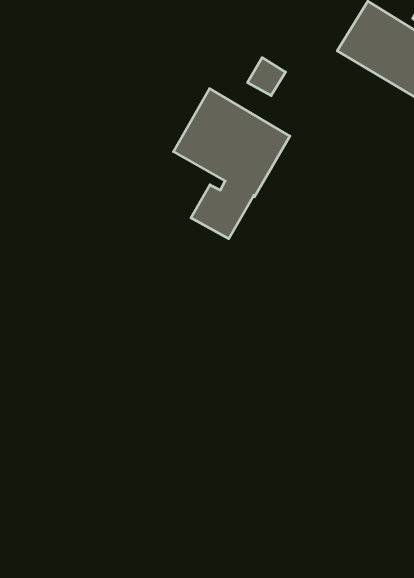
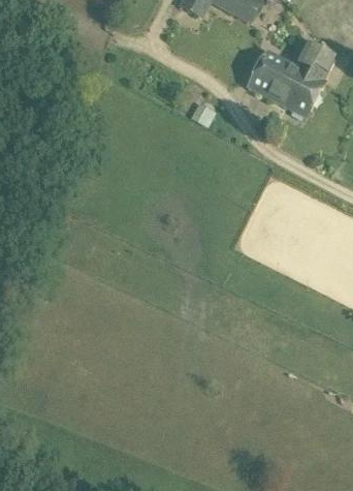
building: [173,89,290,239] -> none

